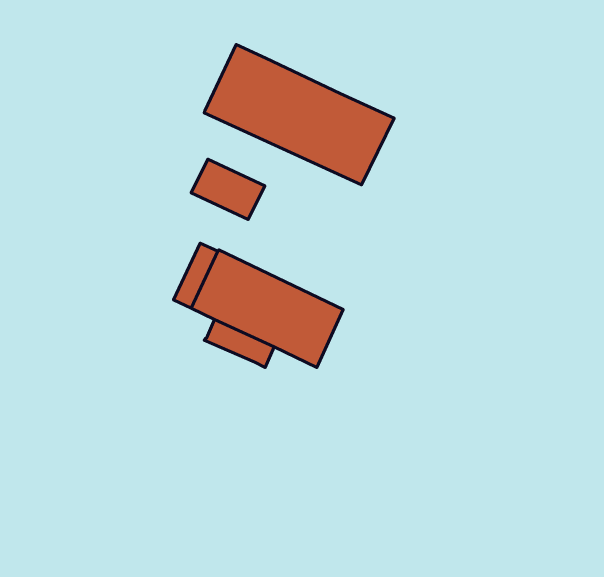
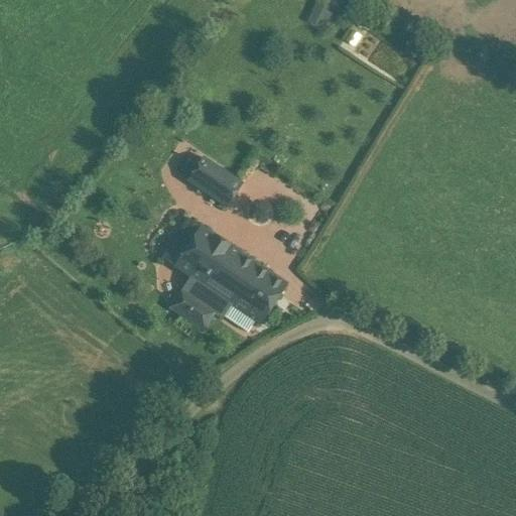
building: [204,45,394,185] -> none
building: none -> [168,290,214,330]

